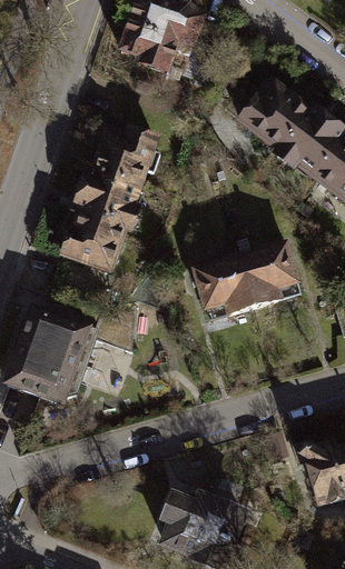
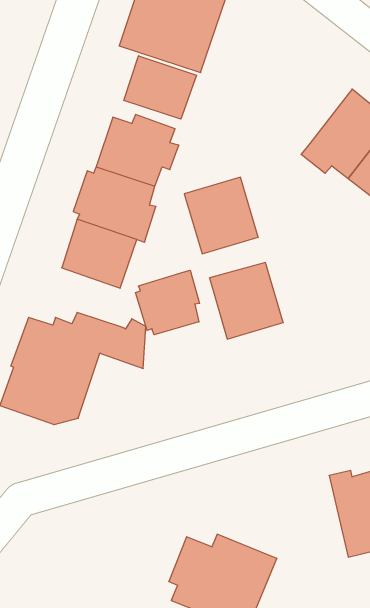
building: none -> [124,56,197,119]
building: [240,70,312,149] -> none
building: [239,236,304,302] -> [184,177,258,254]
building: none -> [136,270,200,335]

